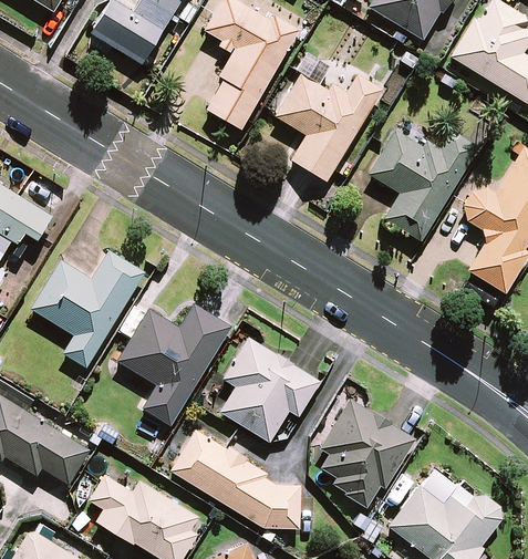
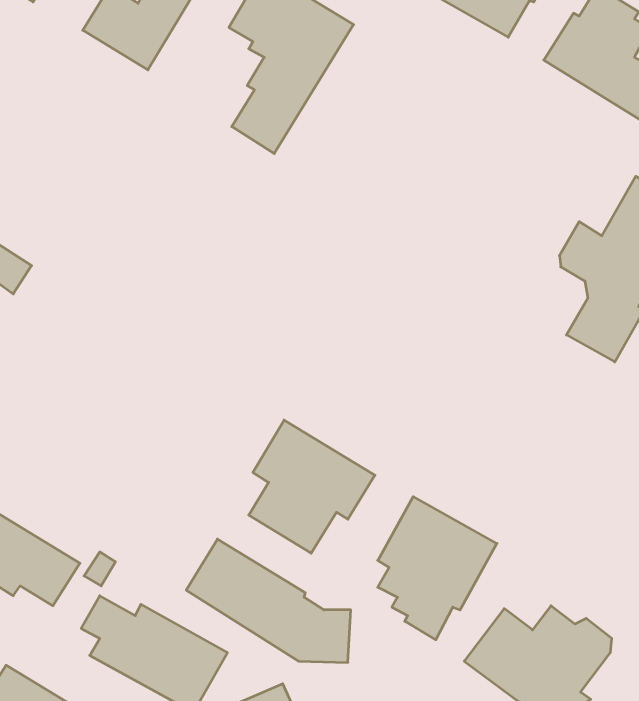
building: [276,75,381,182] -> none
building: [370,131,478,241] -> none
building: [32,251,143,366] -> none
building: [117,303,230,425] -> none

